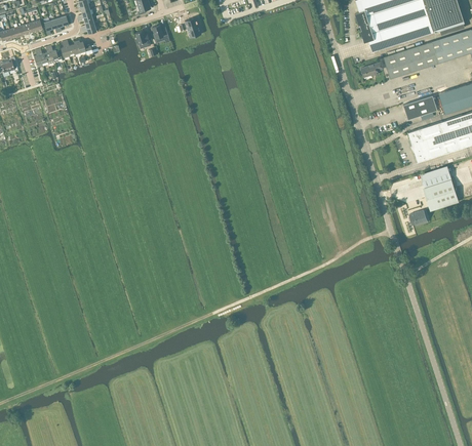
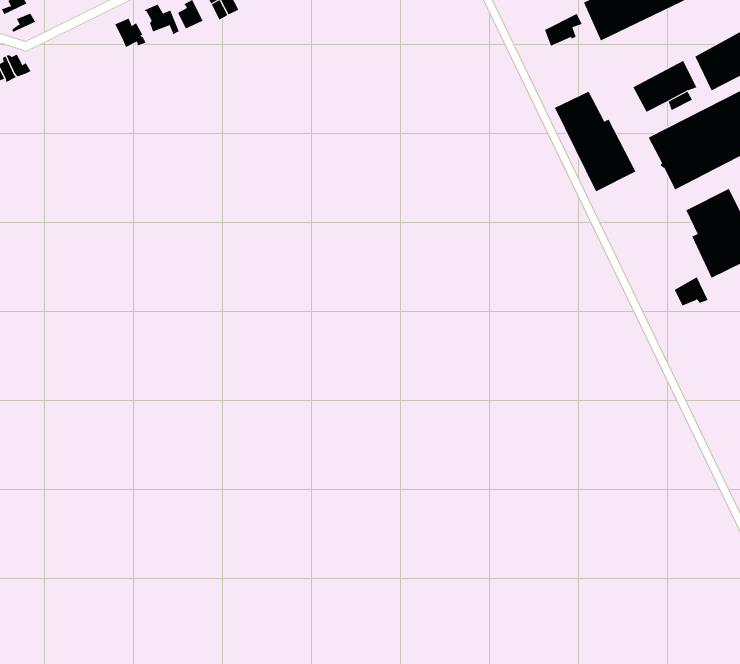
building: none -> [554,91,636,192]

